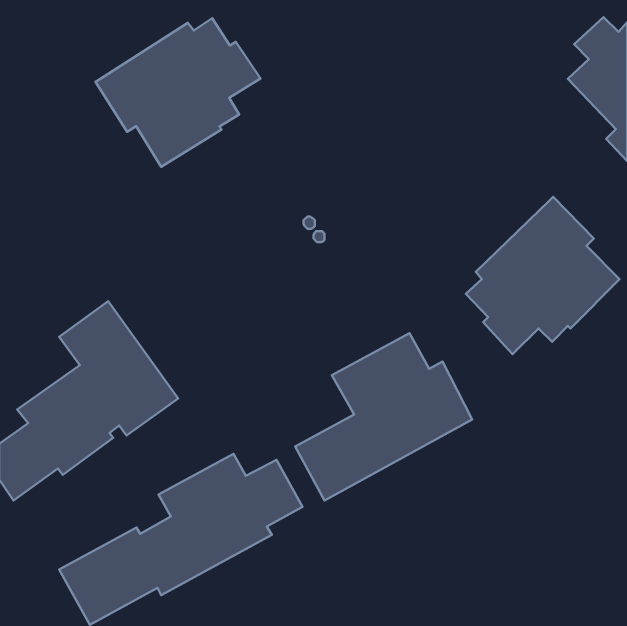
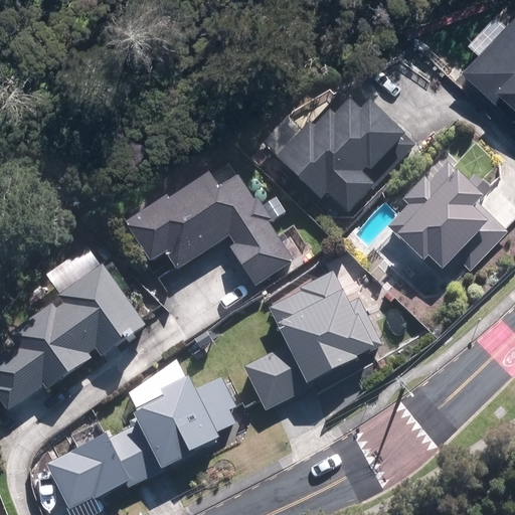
building: [95,18,261,167] -> none
building: none -> [262,98,421,216]
building: none -> [117,137,289,287]

